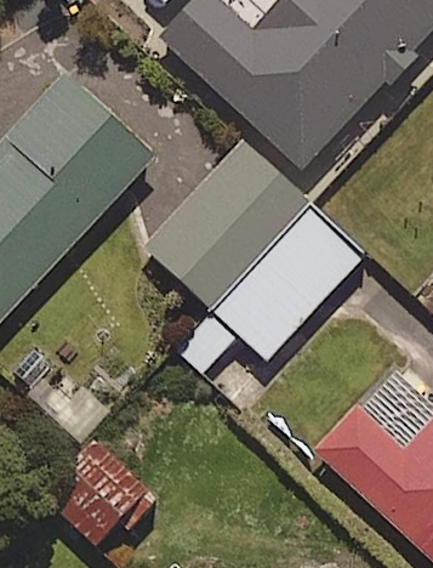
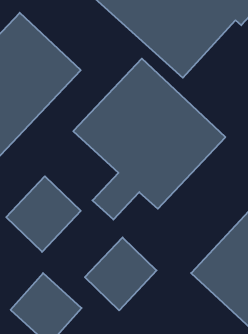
building: none -> [6,176,81,252]
building: none -> [85,237,157,310]

